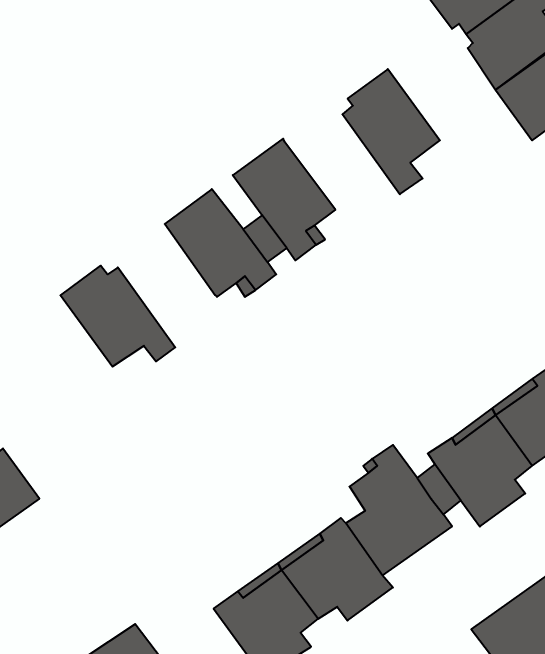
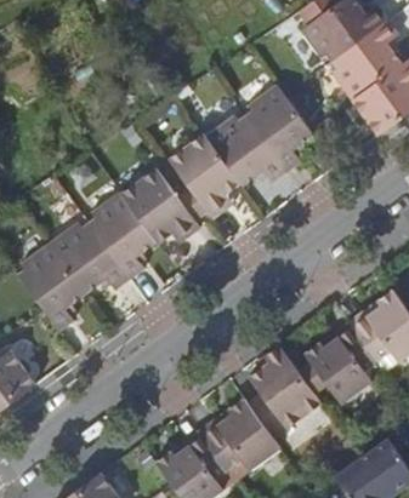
building: none -> [205,115,285,187]
building: none -> [89,191,157,279]
building: none -> [17,242,85,330]

